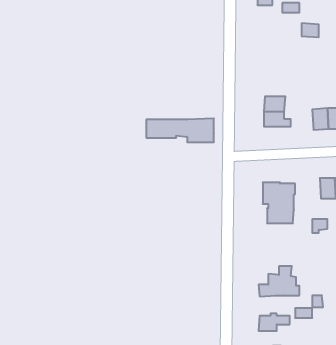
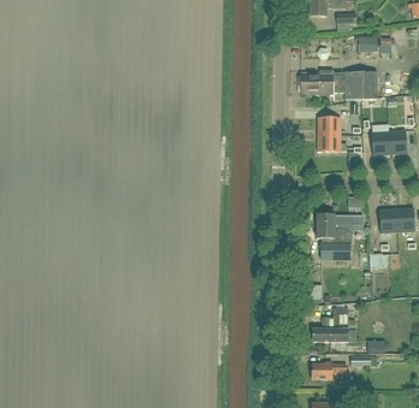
building: [146,118,214,142] -> [300,71,376,97]

